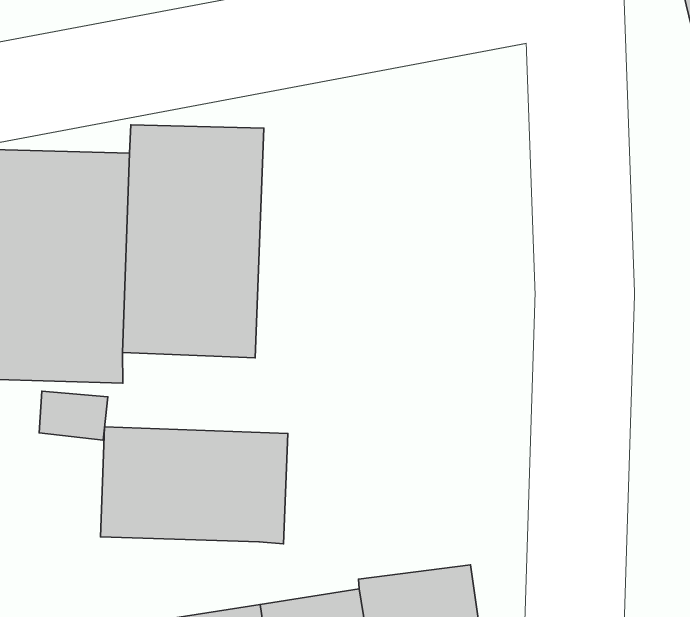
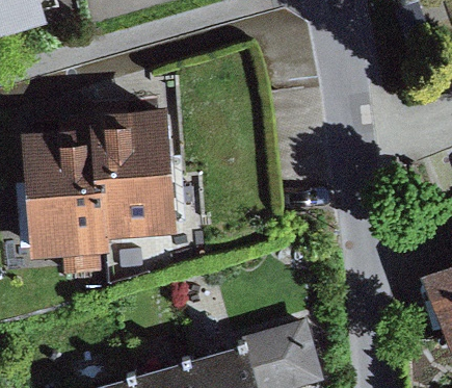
building: [100,427,288,544] -> none

